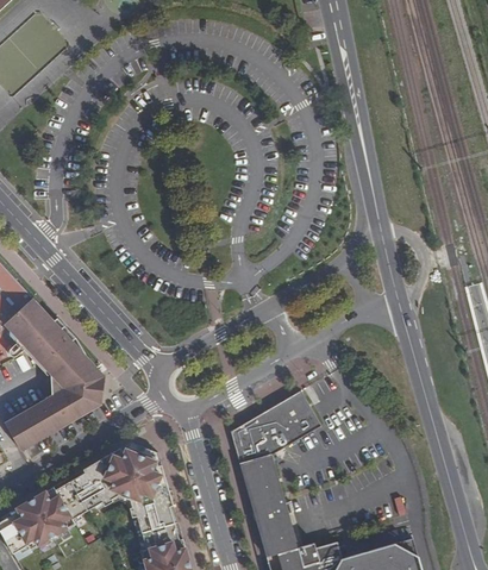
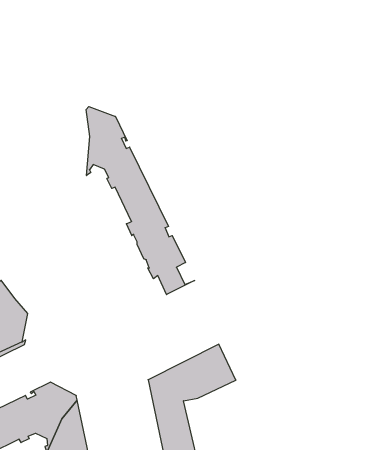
building: none -> [86,107,195,295]

